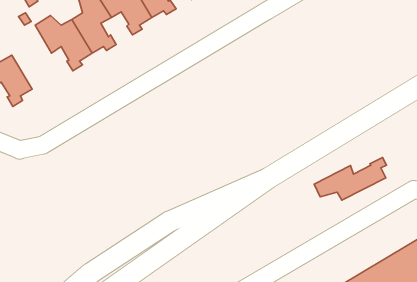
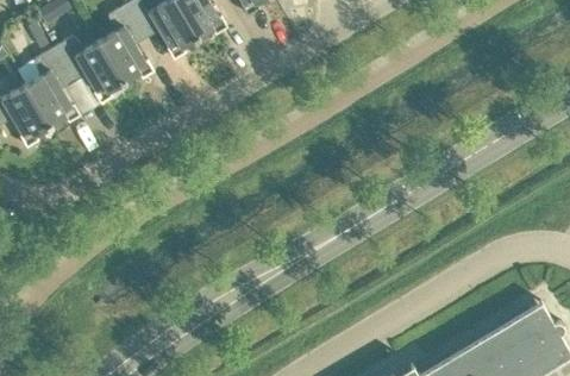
building: none -> [25,49,81,127]
building: [314,158,386,200] -> none

